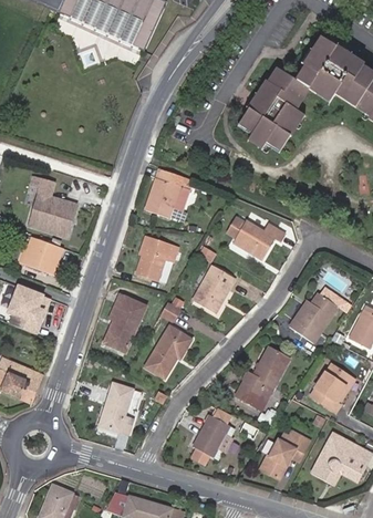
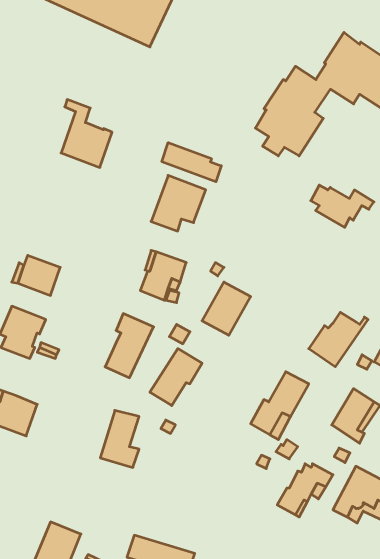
building: none -> [162,143,221,182]
building: [30,177,76,239] -> [61,100,112,167]
building: [228,217,286,256] -> [311,185,374,227]
building: [193,408,236,463] -> none

